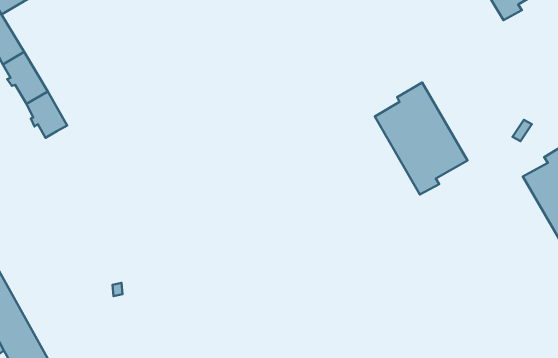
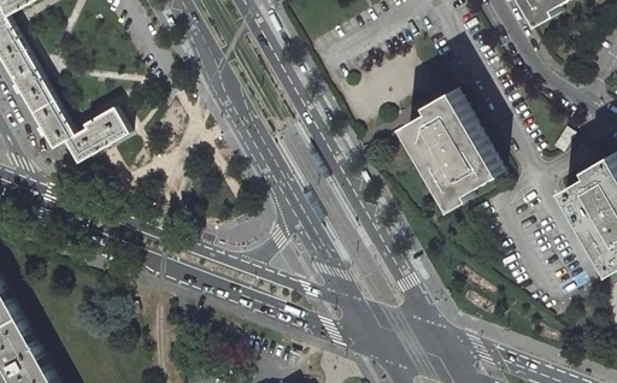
building: none -> [64,107,128,163]

